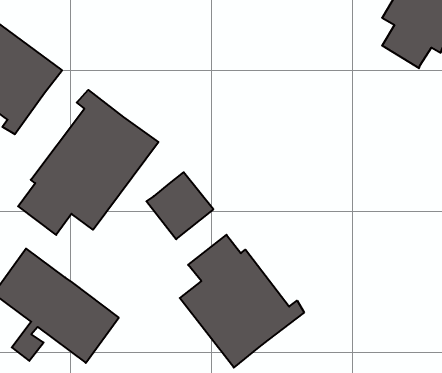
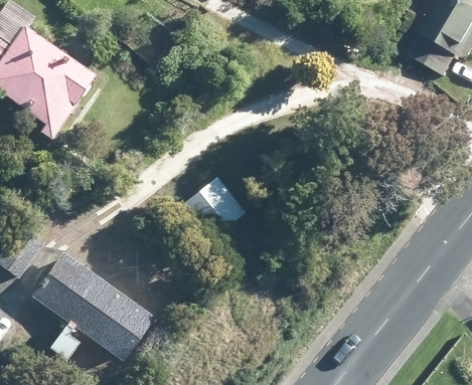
building: [18,90,158,235] -> none
building: [180,235,304,368] -> none

